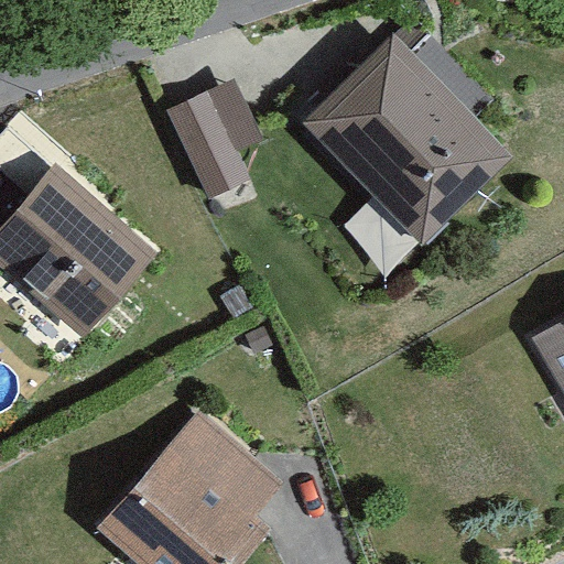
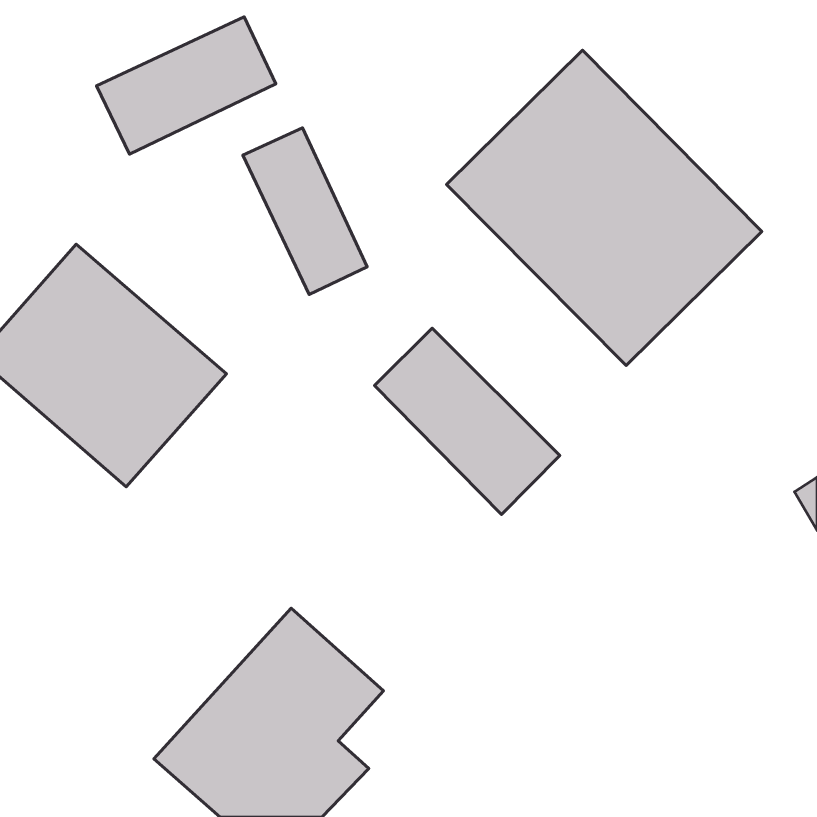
building: none -> [96,17,276,154]
building: none -> [375,328,560,514]

